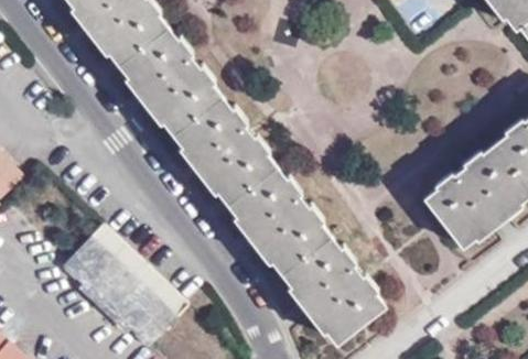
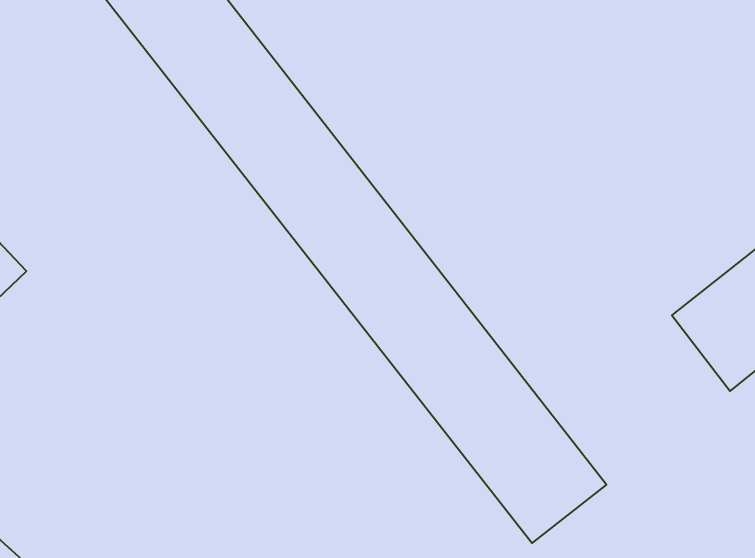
building: [63,226,186,346] -> none

